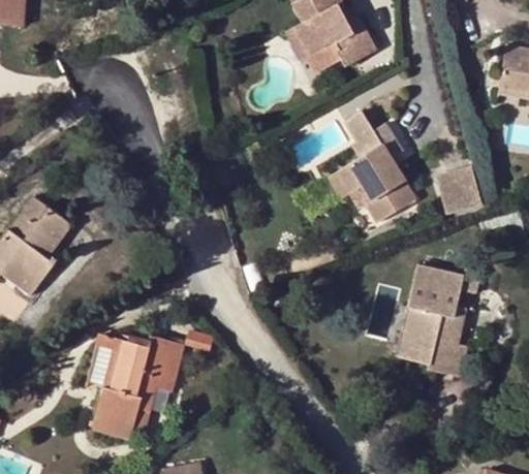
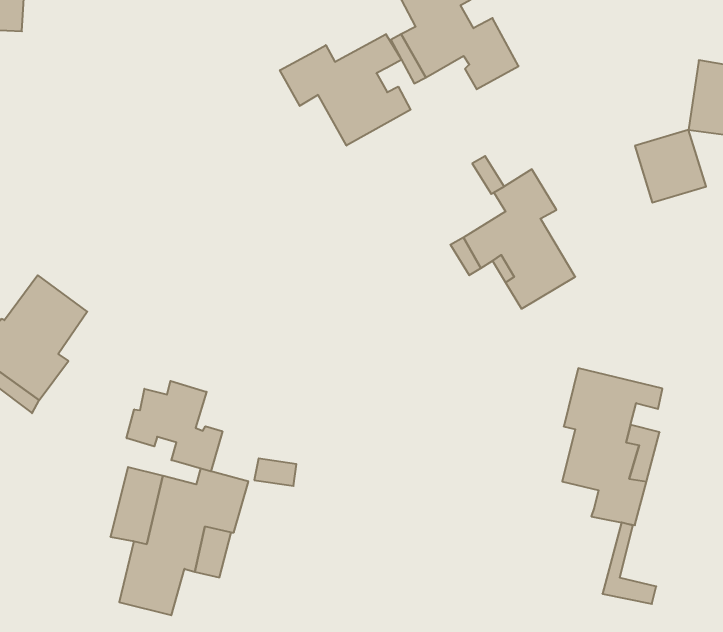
building: none -> [280,34,411,146]
building: [436,162,487,214] -> [635,130,706,203]
building: none -> [127,381,222,471]
building: [395,306,433,364] -> [602,522,656,604]

